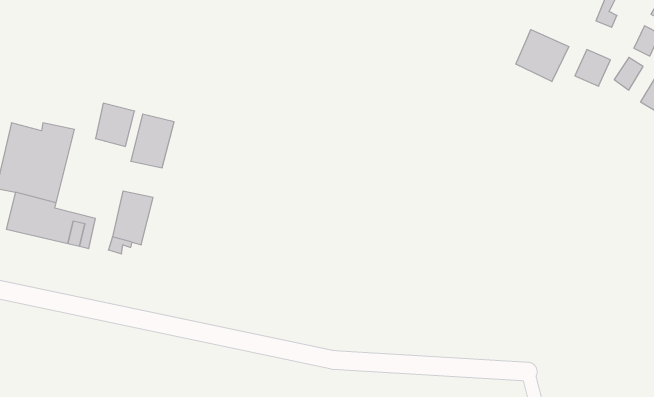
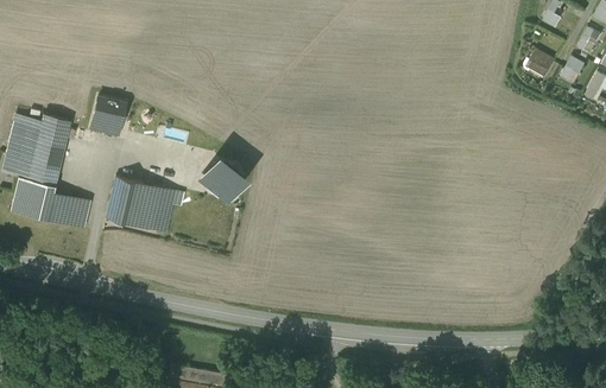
building: [516,30,569,82] -> none
building: [131,114,174,168] -> [132,183,171,231]
building: none -> [207,163,240,196]

